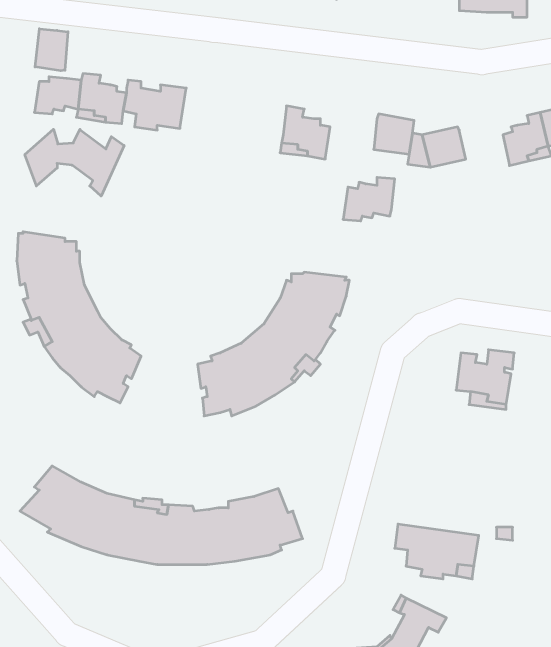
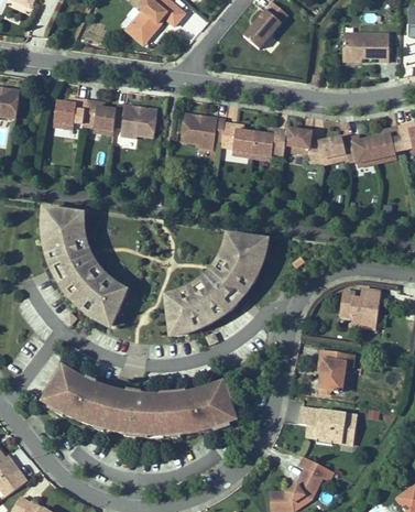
building: [35,29,68,71] -> none
building: none -> [181,112,225,148]
building: none -> [342,135,376,165]
building: [25,129,124,196] -> none
building: [343,177,395,221] -> [251,129,286,159]
building: none -> [317,348,347,393]

